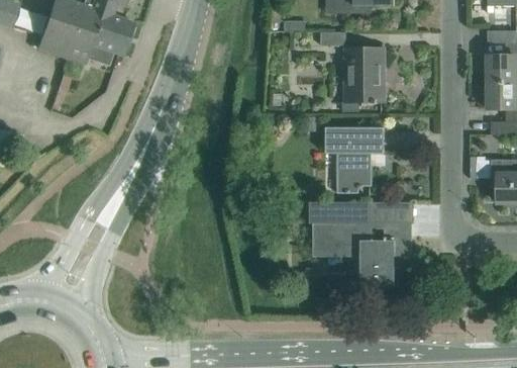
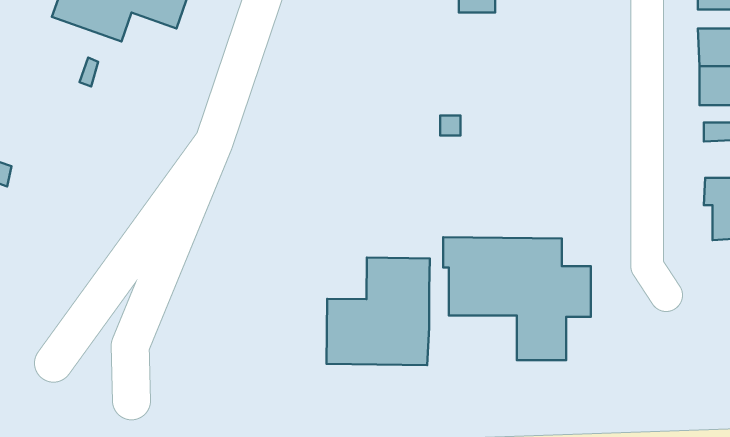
building: [344,49,384,103] -> none
building: [324,126,384,193] -> none
building: none -> [326,257,430,365]

